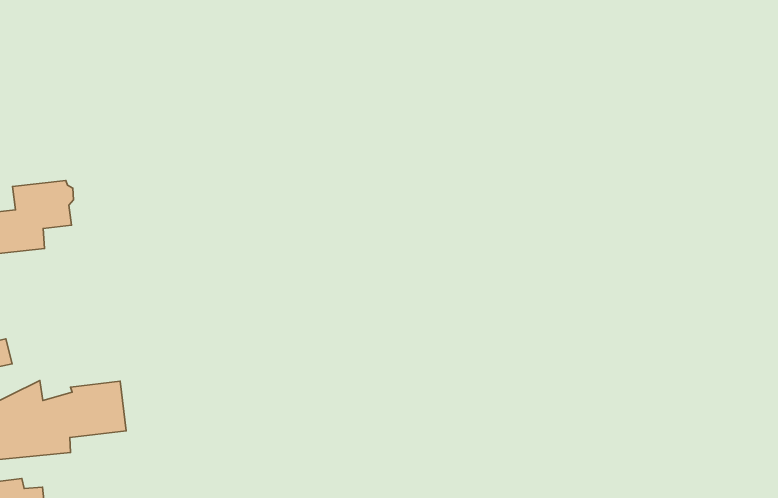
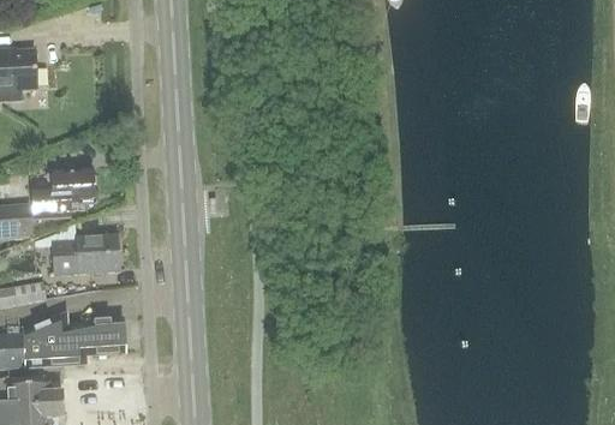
building: none -> [50,231,118,271]

